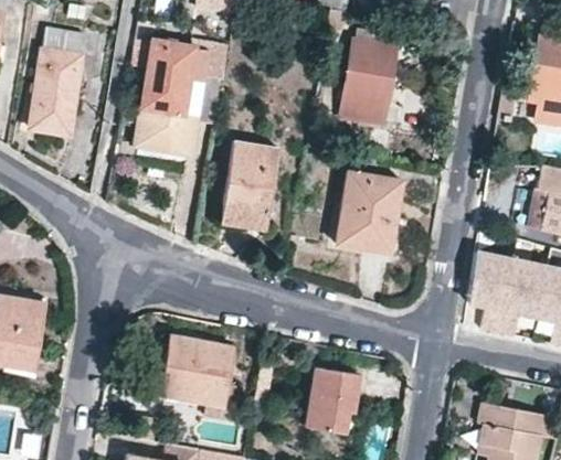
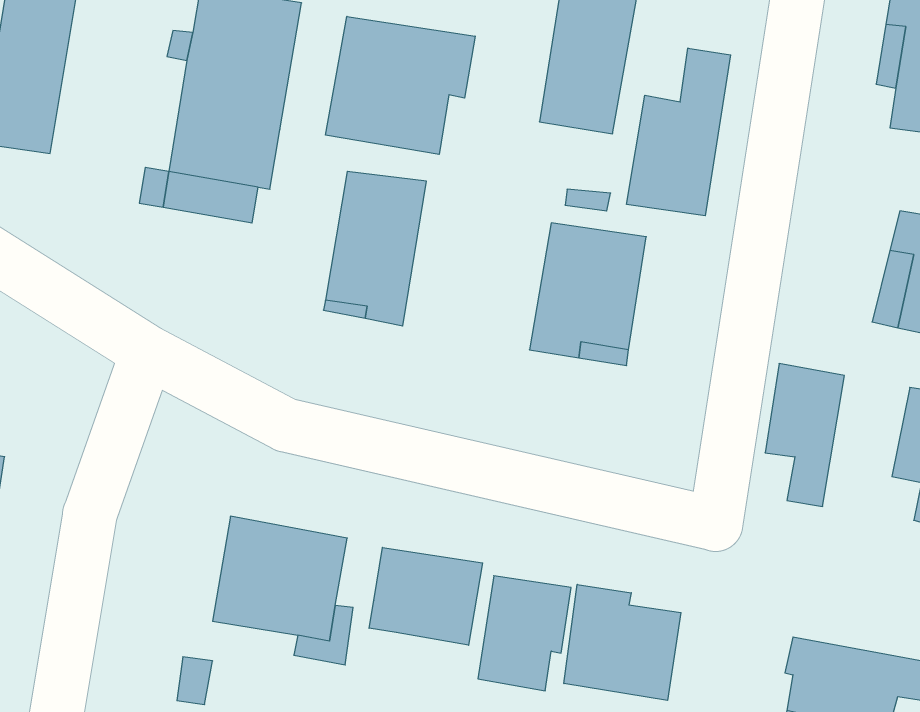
building: none -> [326,16,475,154]
building: none -> [627,48,731,216]
building: [500,257,549,332] -> none
building: none -> [369,547,483,645]
building: none -> [564,584,681,700]

